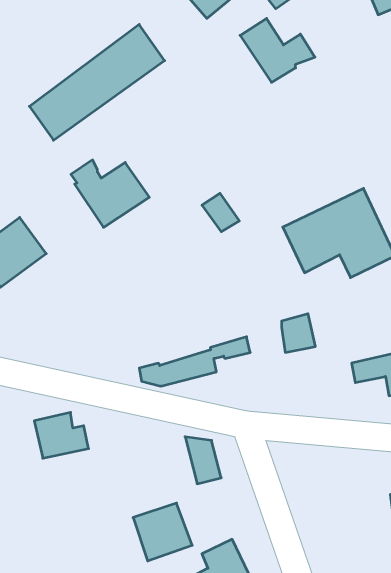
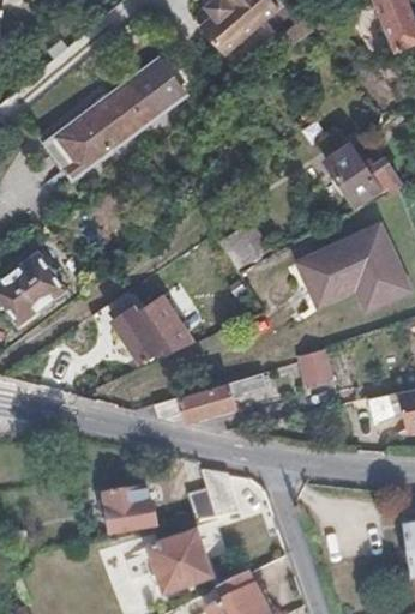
building: [240,18,315,82] -> [326,143,401,206]
building: [71,160,149,227] -> [110,294,188,361]
building: [34,412,89,458] -> [102,490,156,536]

